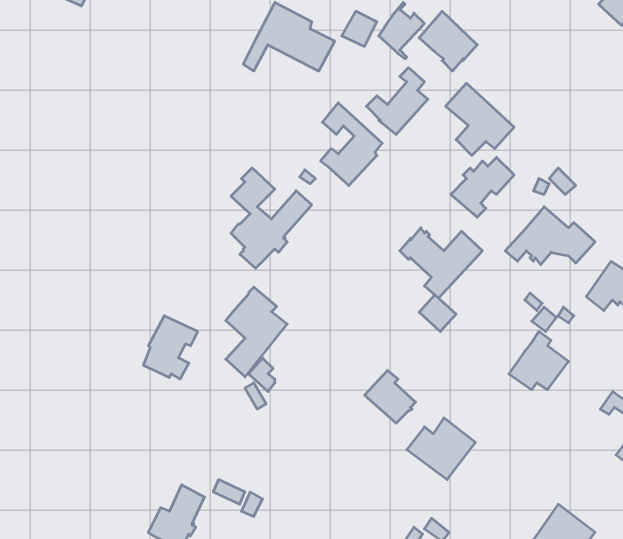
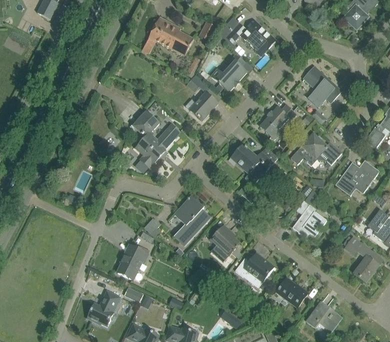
building: [446,83,514,155] -> [302,65,341,106]
building: [226,287,287,377] -> [174,195,209,246]
building: [143,316,198,379] -> [117,244,148,280]
building: none -> [276,277,307,307]

